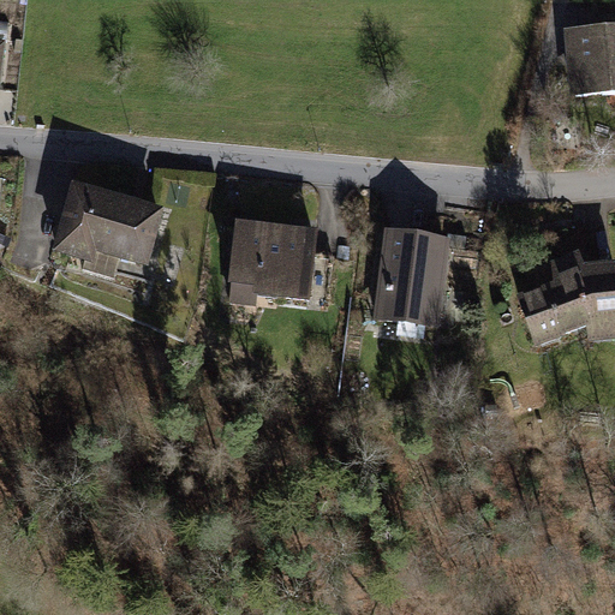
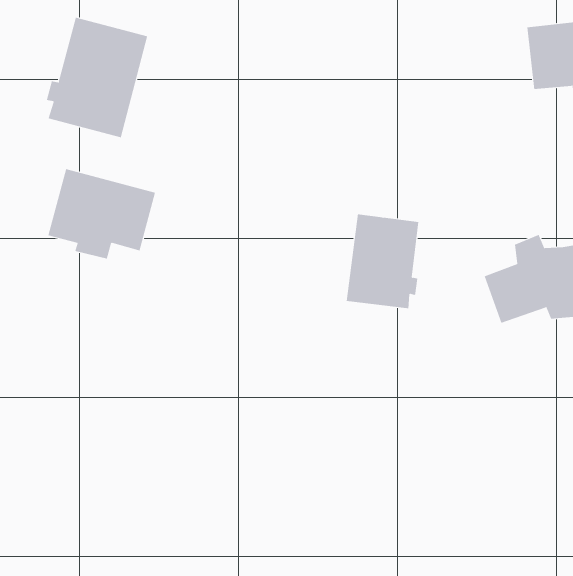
building: none -> [46,17,148,138]
building: [223,217,329,306] -> none

